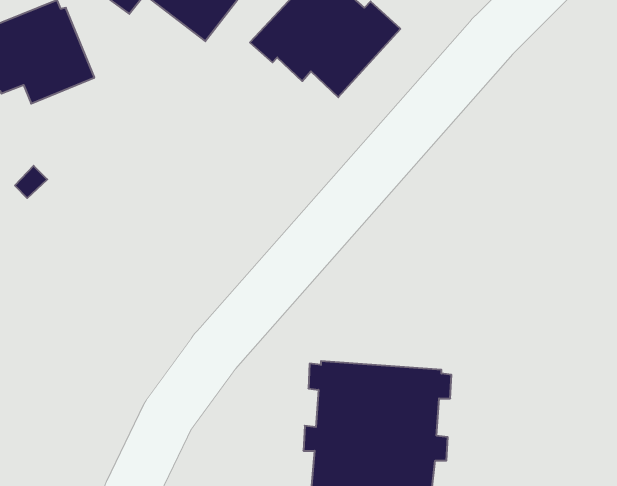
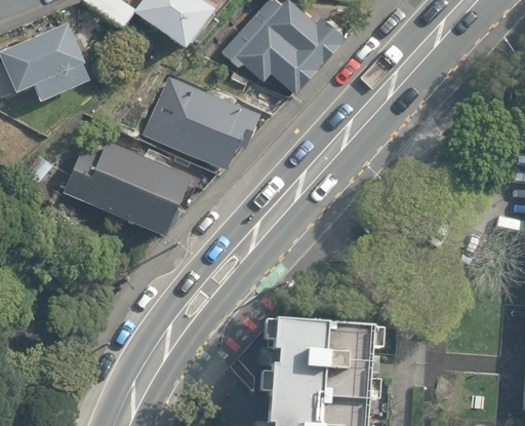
building: none -> [144,76,260,170]
building: none -> [62,141,191,237]

